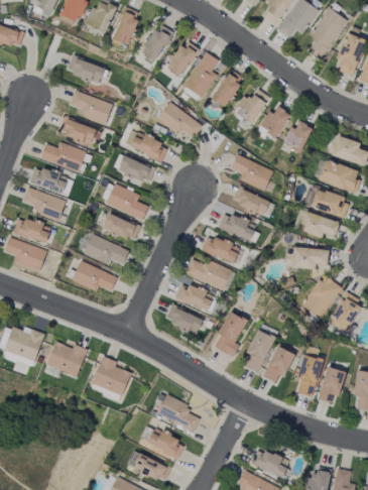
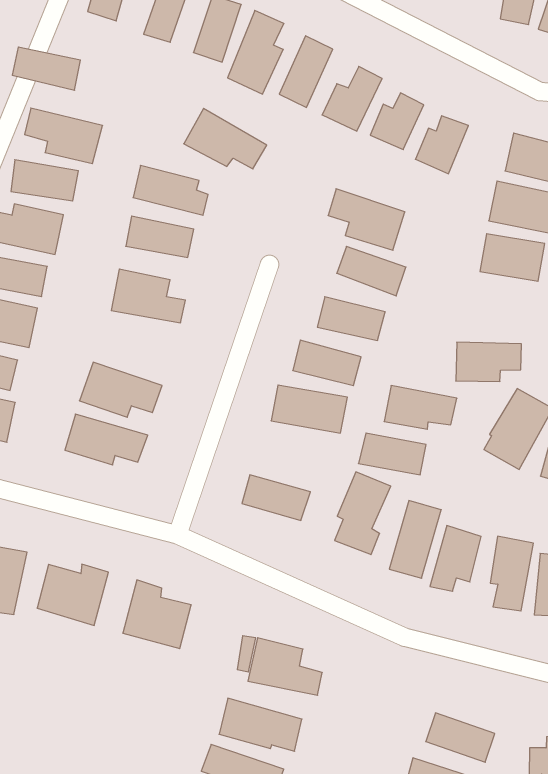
building: [298,212,340,238] -> [384,386,457,429]
building: [102,215,140,240] -> none
building: [175,283,214,310] -> [358,433,426,475]

